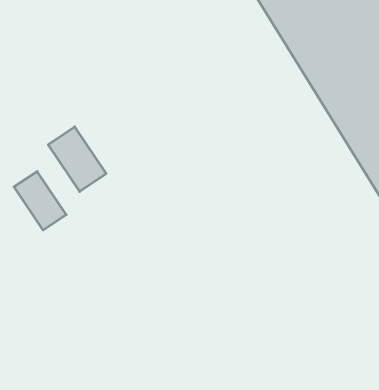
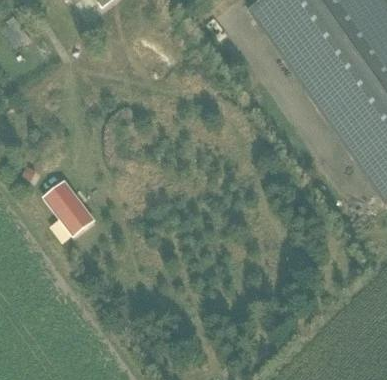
building: [48,127,106,192] -> none

